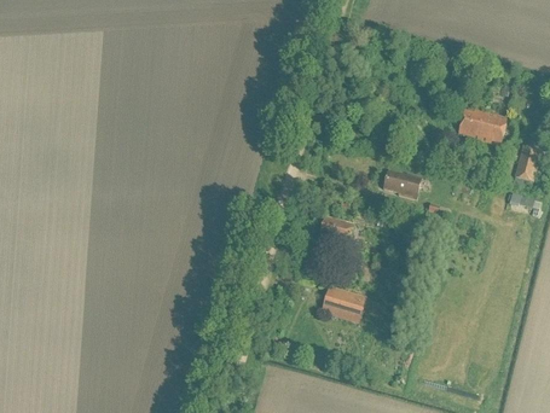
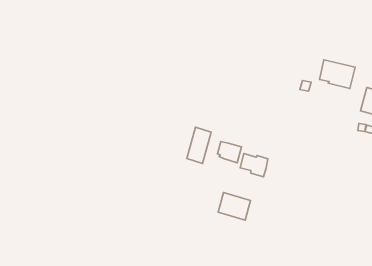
building: [383,169,421,200] -> [240,154,268,177]
building: none -> [187,127,211,163]

